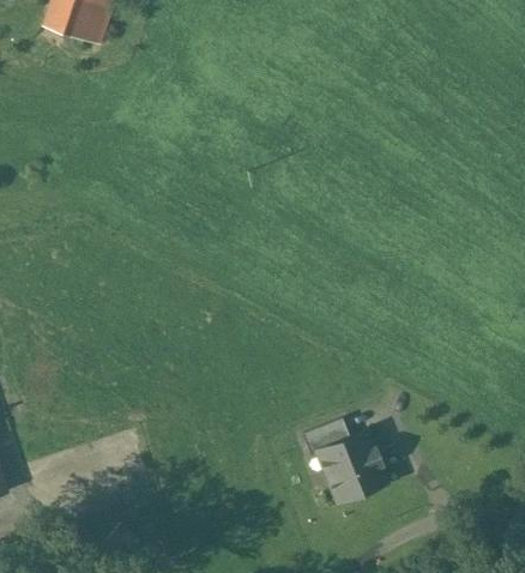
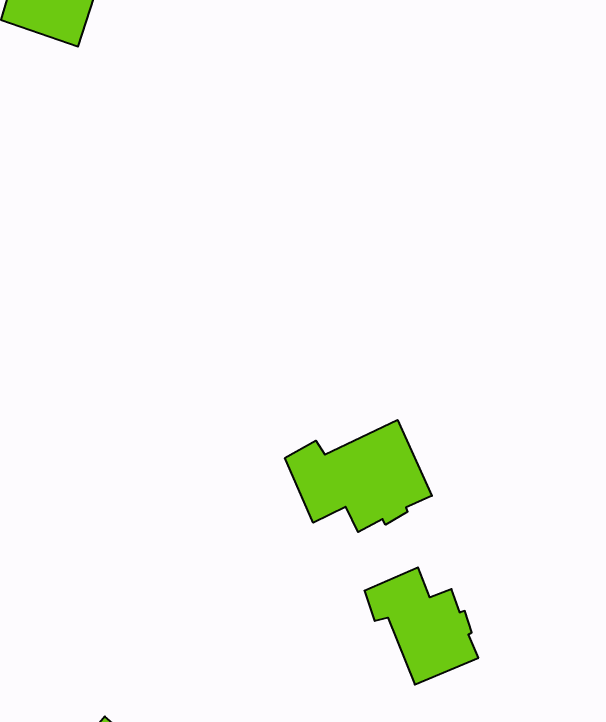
building: none -> [285,420,432,532]

